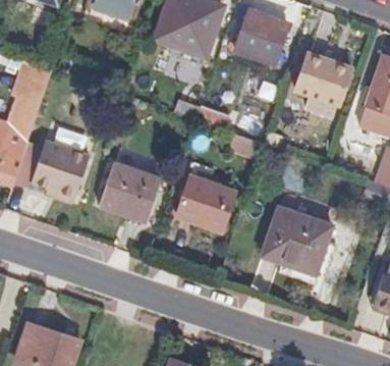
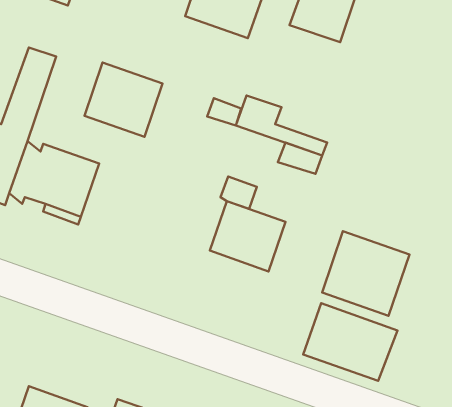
building: [296,53,351,104] -> none
building: [99,161,160,219] -> [84,63,163,137]
building: none -> [303,303,398,381]

